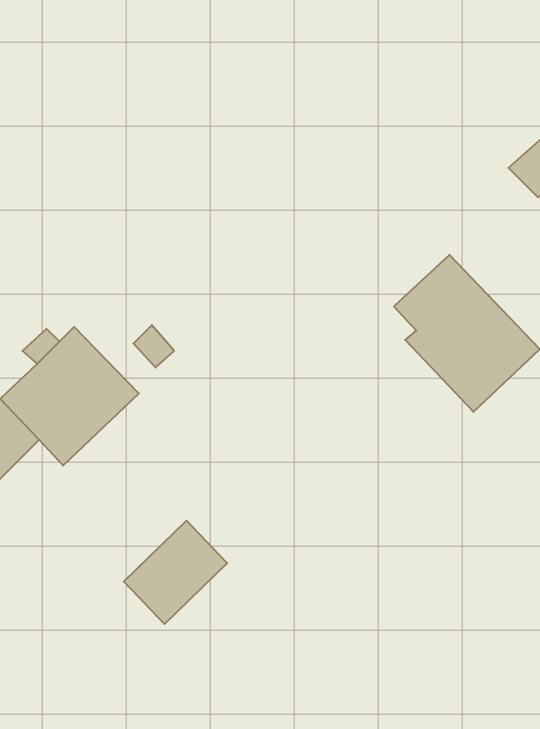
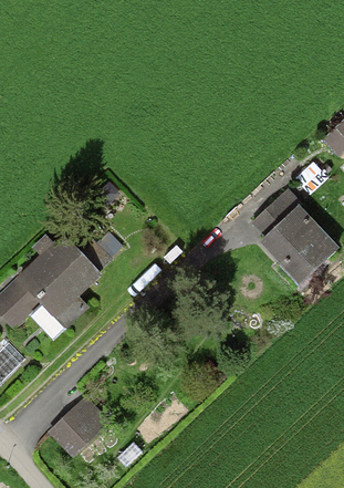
building: [124,521,227,624] -> [48,396,110,458]

